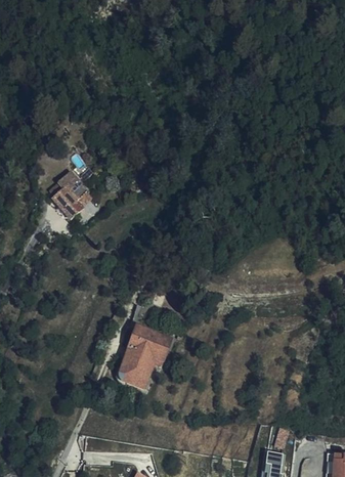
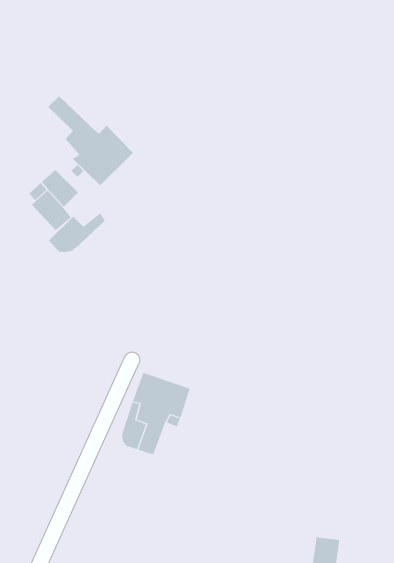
building: none -> [48,96,134,186]
building: none -> [48,212,106,253]

